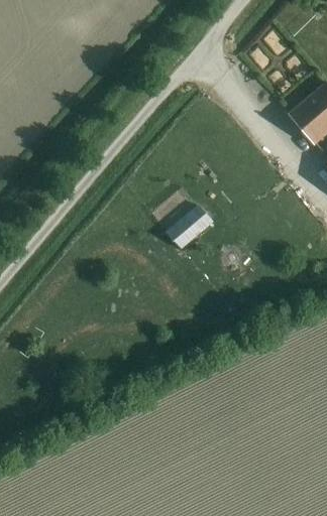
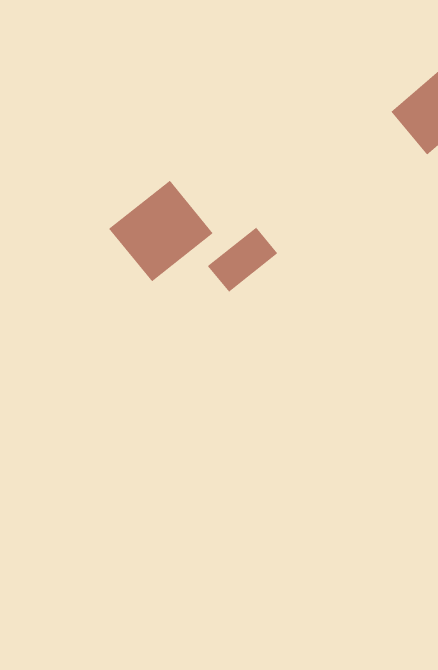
building: none -> [108,180,214,282]

